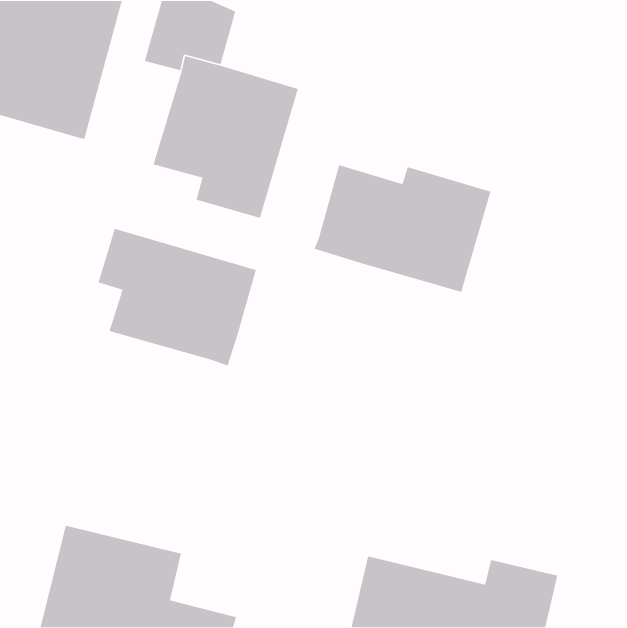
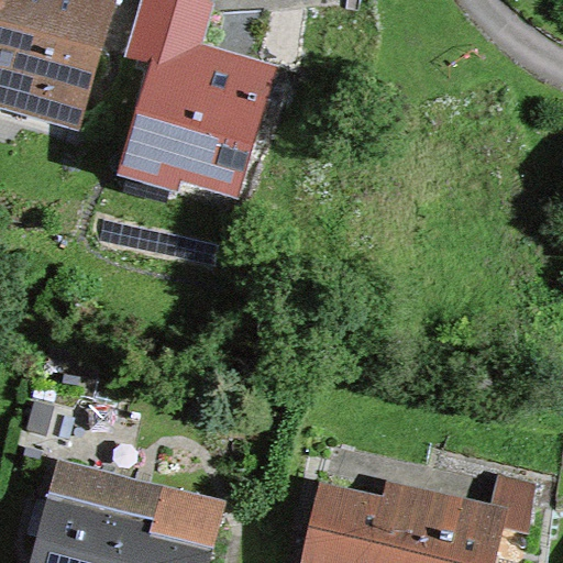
building: [313,164,492,293] -> none
building: [97,228,257,366] -> none

